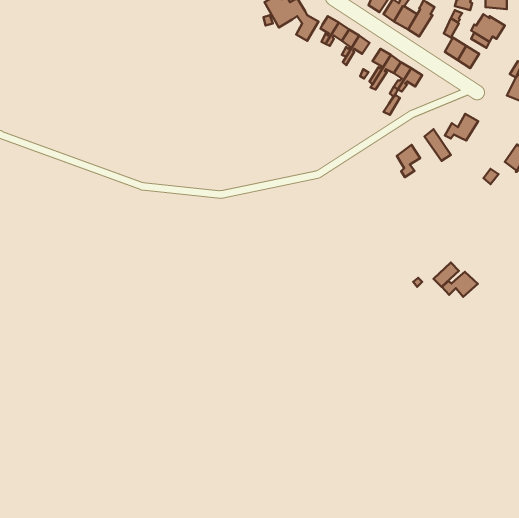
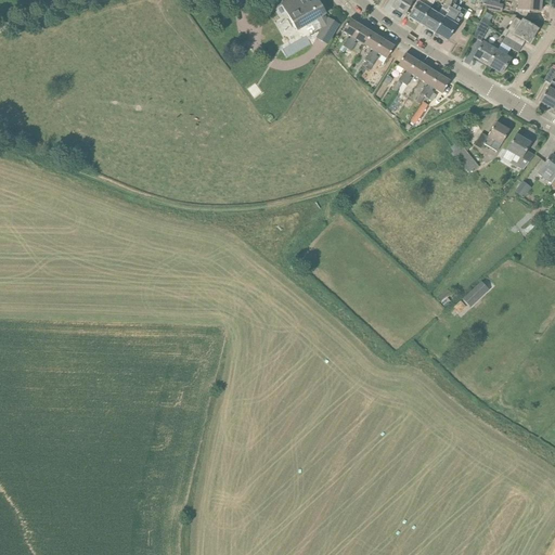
building: none -> [507,132,534,168]
building: [397,145,420,177] -> none
building: [442,272,478,297] -> none

